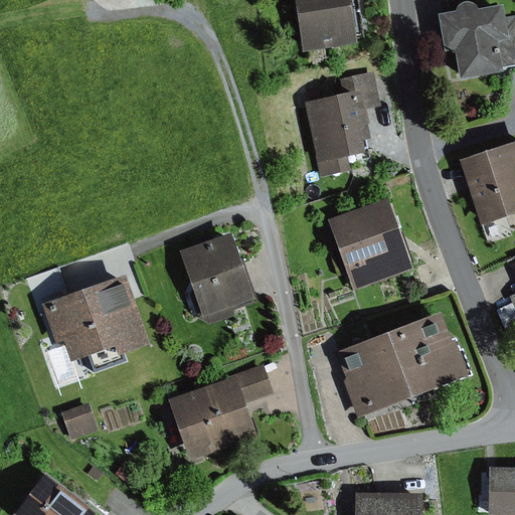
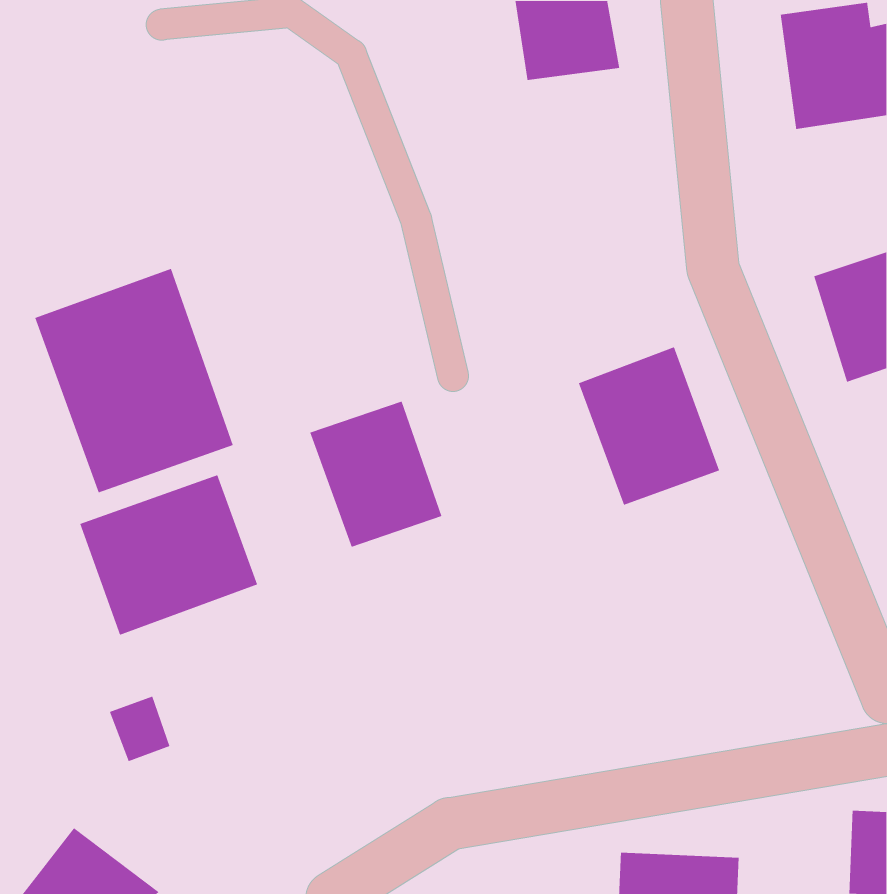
building: [305,70,382,175] -> none
building: none -> [34,268,234,493]
building: [339,313,468,413] -> none
building: [167,366,272,456] -> none

